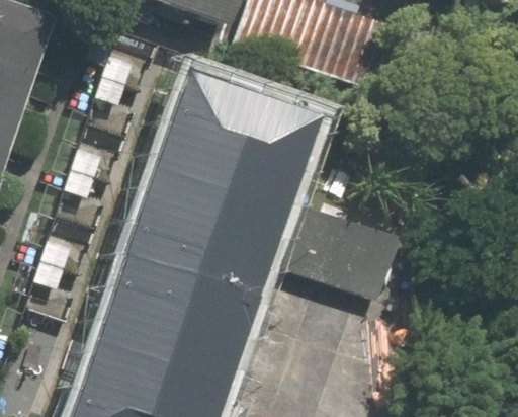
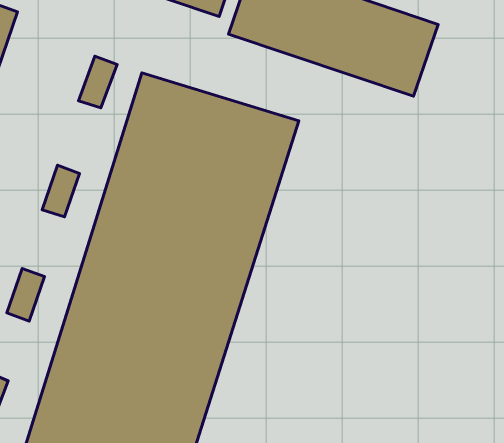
building: [271,198,413,300] -> none

